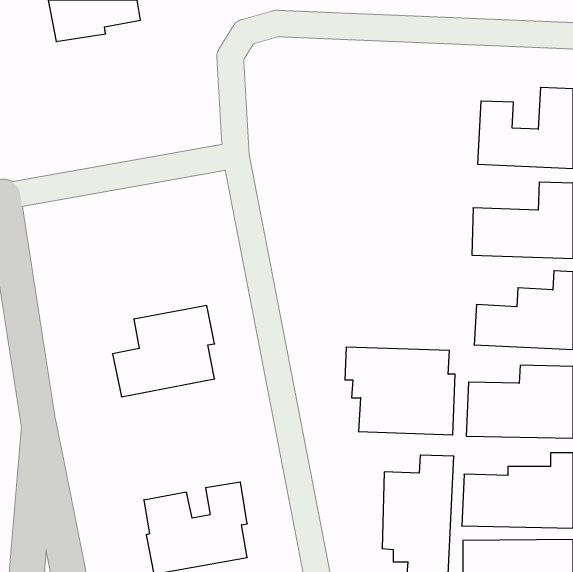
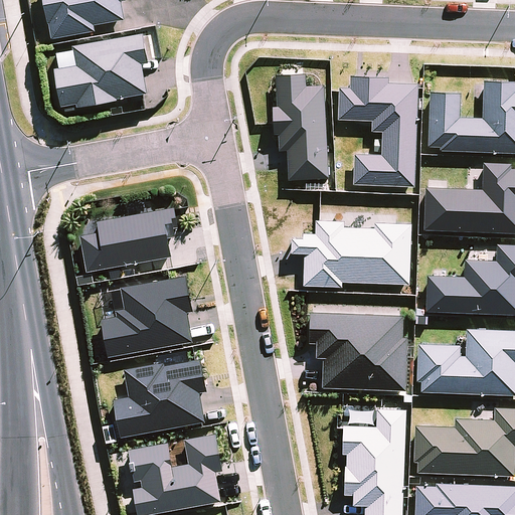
building: none -> [55,34,148,109]
building: none -> [274,73,328,180]
building: none -> [337,75,418,187]
building: none -> [81,209,176,271]
building: none -> [292,222,411,286]
building: none -> [114,358,206,436]

